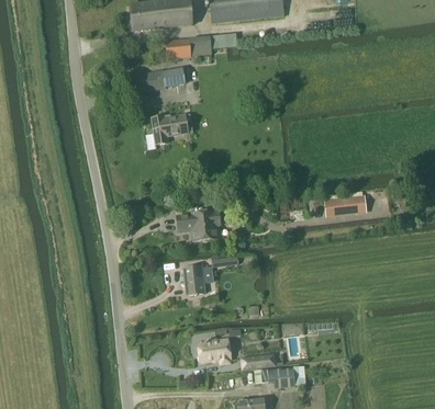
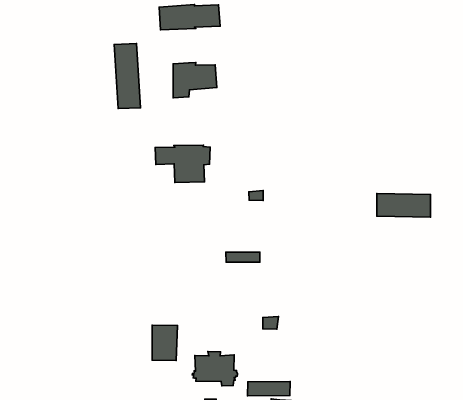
building: none -> [114,44,141,109]
building: [177,209,221,241] -> [155,145,210,182]
building: [183,265,205,295] -> [152,325,178,360]

